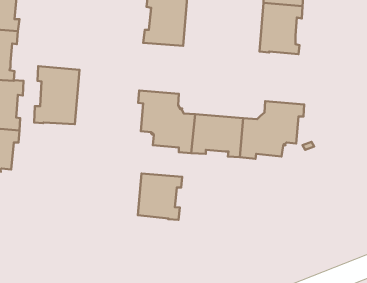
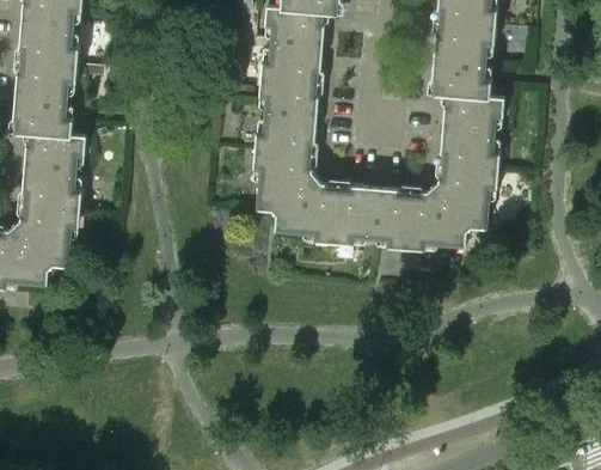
building: none -> [254,79,319,154]
building: none -> [440,92,503,170]
building: [34,66,79,124] -> none
building: [138,174,182,220] -> none

